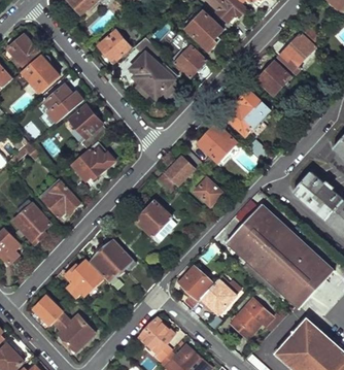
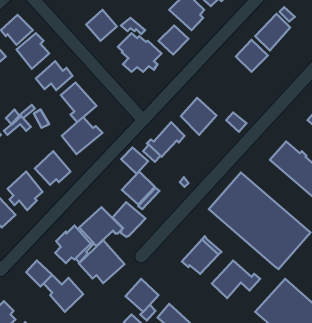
building: [225,89,270,137] -> none
building: [194,178,222,206] -> [121,148,148,174]
building: [179,264,214,301] -> [112,202,145,237]
building: none -> [79,240,124,283]

